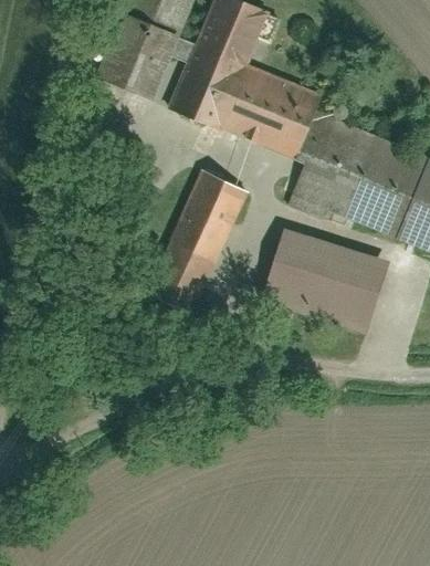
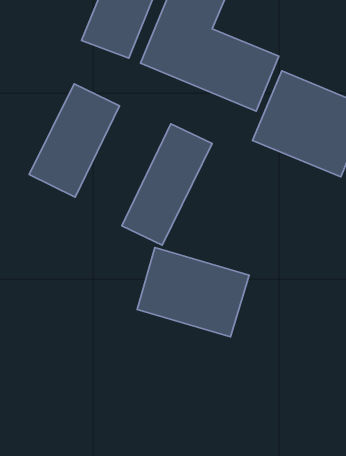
building: none -> [29,84,119,197]
building: [260,233,386,334] -> [137,248,249,337]

